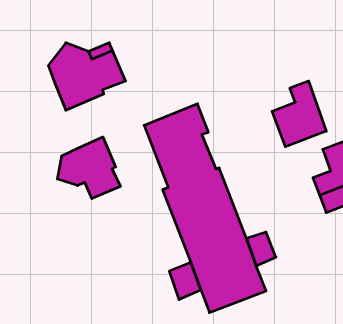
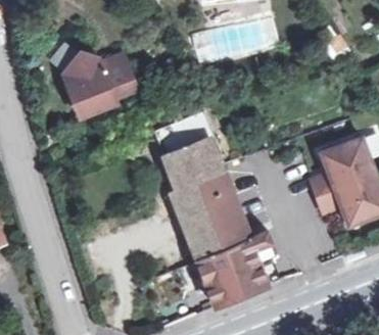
building: [272,81,326,147] -> none
building: [57,137,120,199] -> none

